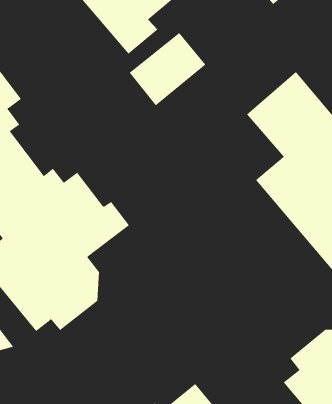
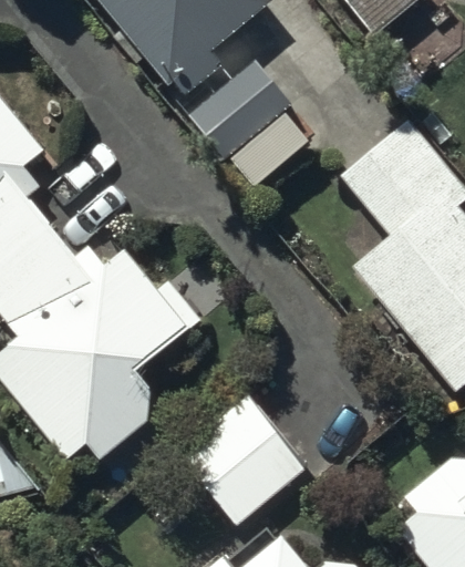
building: none -> [176,391,310,525]

